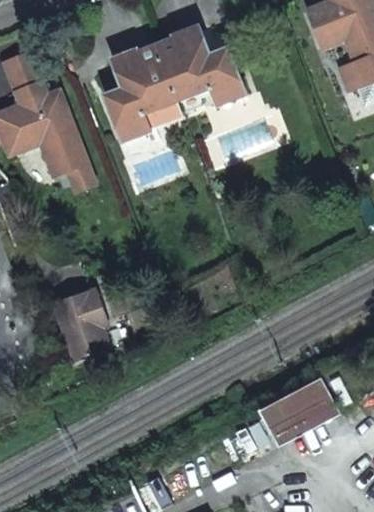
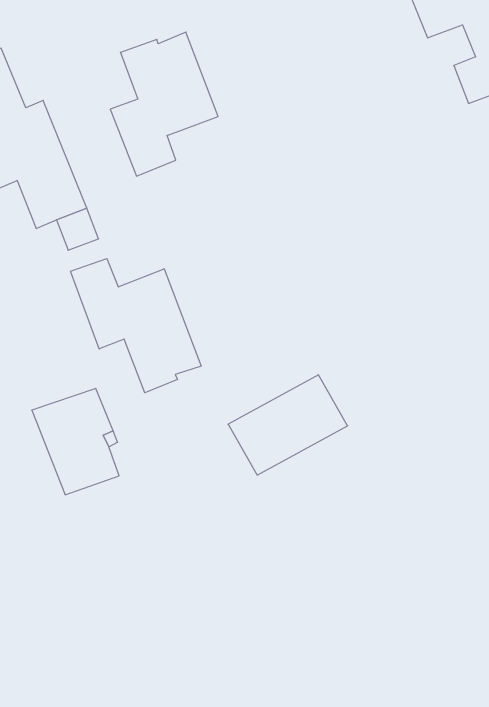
building: [156,24,245,105] -> none
building: none -> [70,259,201,393]
building: [251,377,333,446] -> [228,375,348,475]

